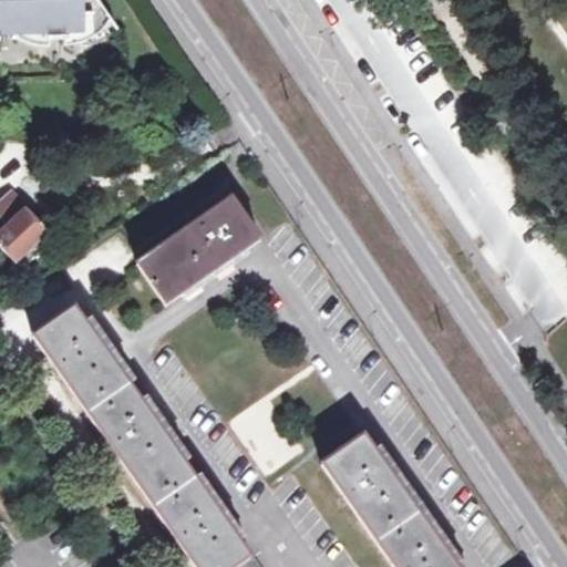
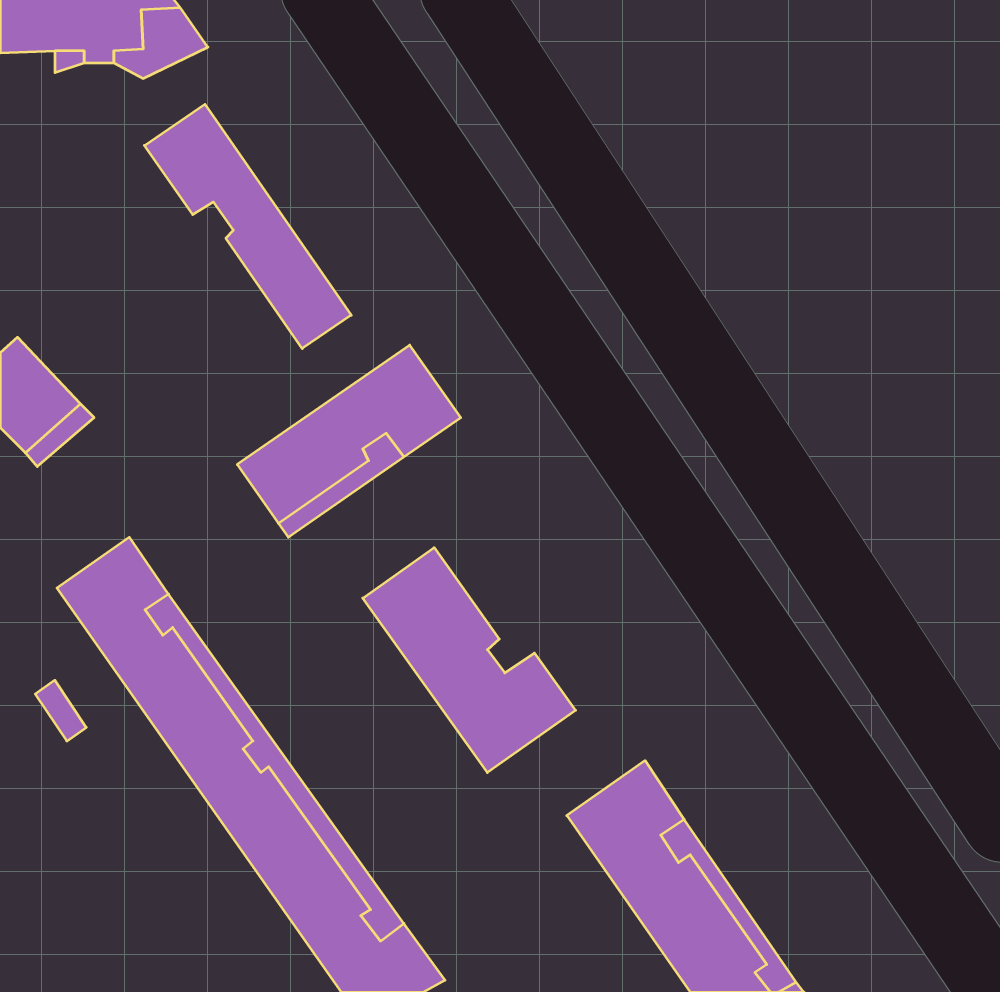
building: none -> [144,104,351,349]
building: none -> [363,548,576,773]

